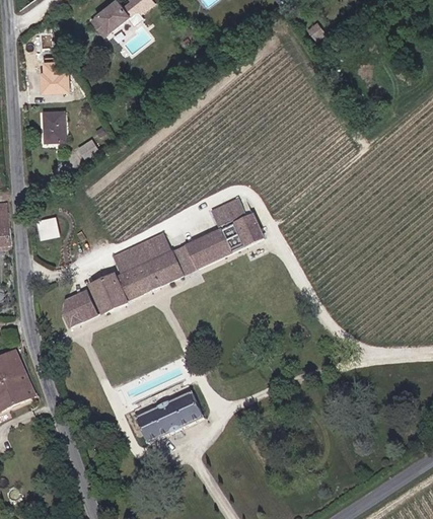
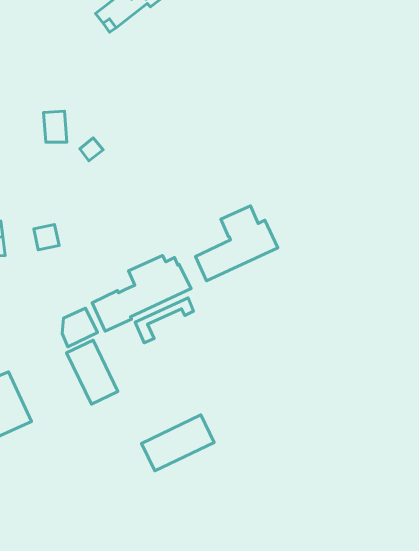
building: [35,63,67,94] -> none
building: [112,233,165,275] -> [135,298,194,343]
building: none -> [67,340,118,404]

